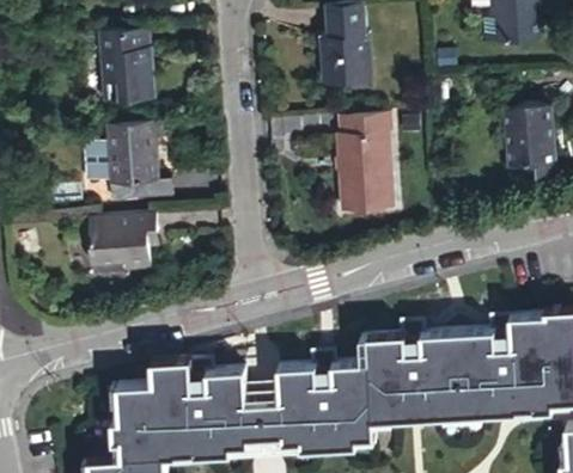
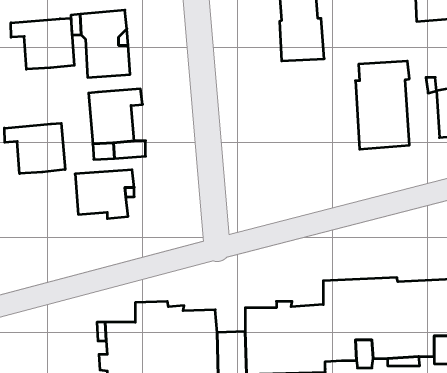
building: none -> [11,18,74,69]
building: [329,111,391,213] -> [355,61,409,149]
building: none -> [4,123,65,174]

